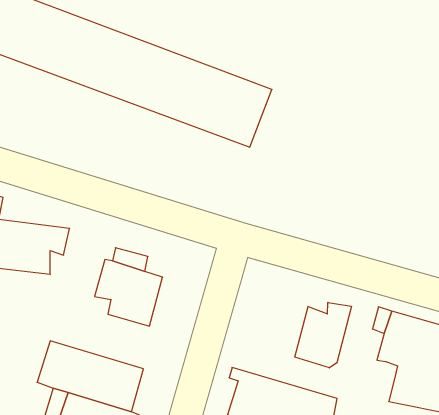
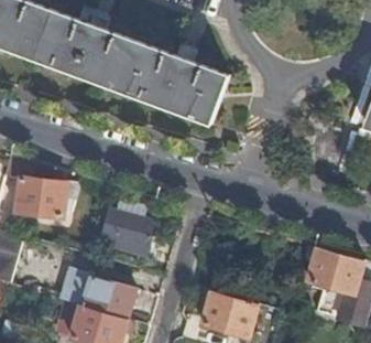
building: [295,302,351,368] -> none

